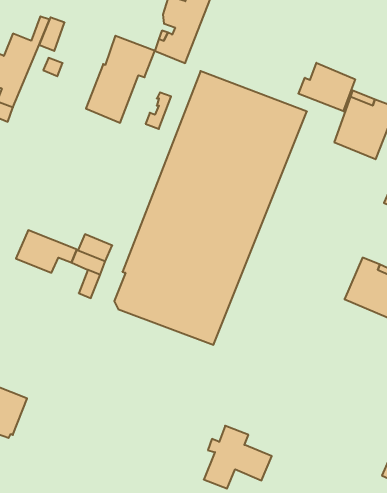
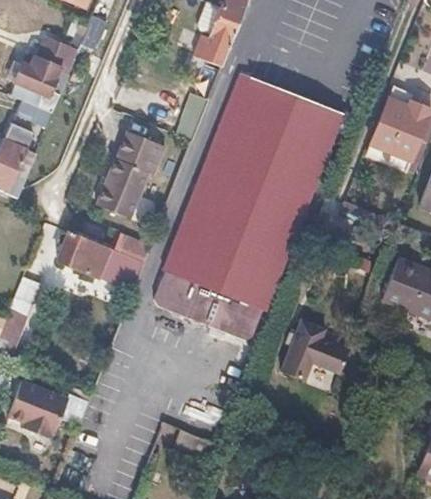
building: [86,36,155,123] -> [97,132,165,218]
building: [298,63,355,111] -> none
building: [204,426,272,489] -> [281,318,348,380]

